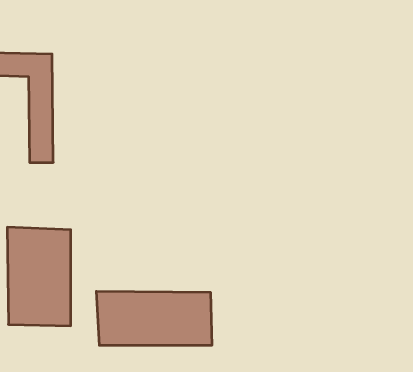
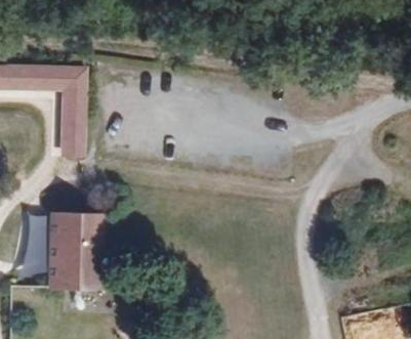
building: [96,291,212,345] -> none

